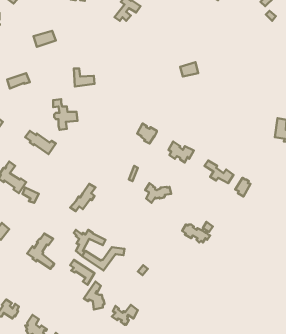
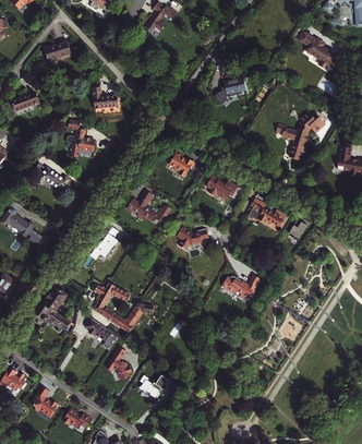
building: none -> [298,32,338,68]
building: none -> [275,112,325,161]
building: none -> [128,191,158,220]

